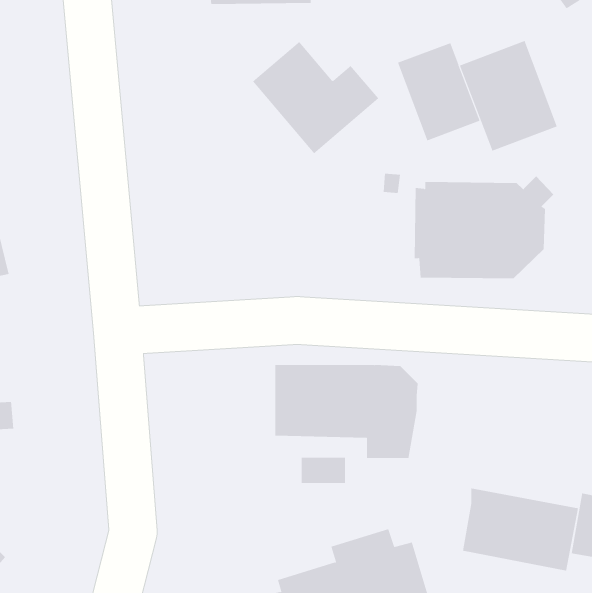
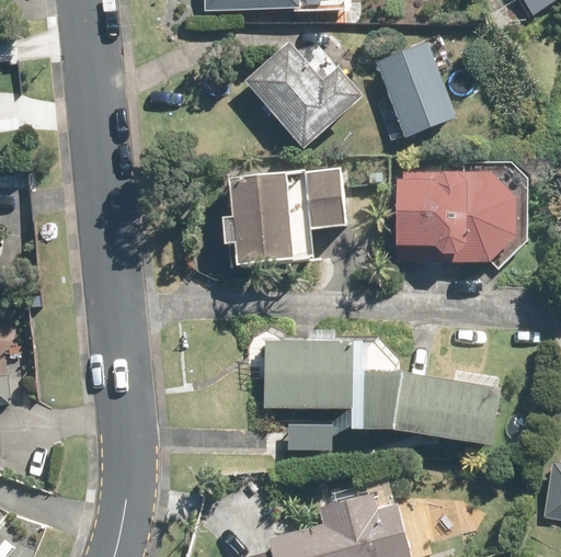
building: [459,40,558,152] -> none
building: none -> [221,168,344,264]
building: [462,488,579,571] -> [390,370,497,446]

